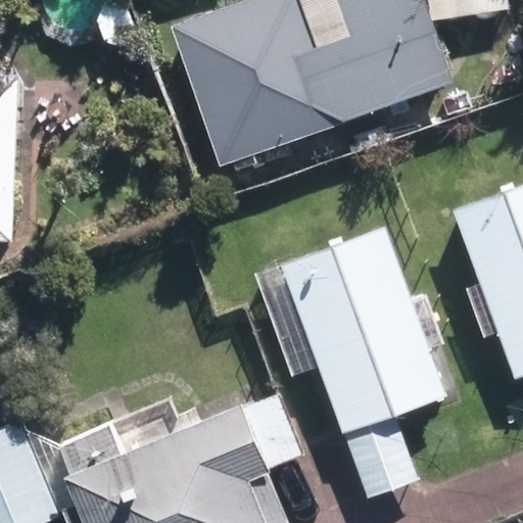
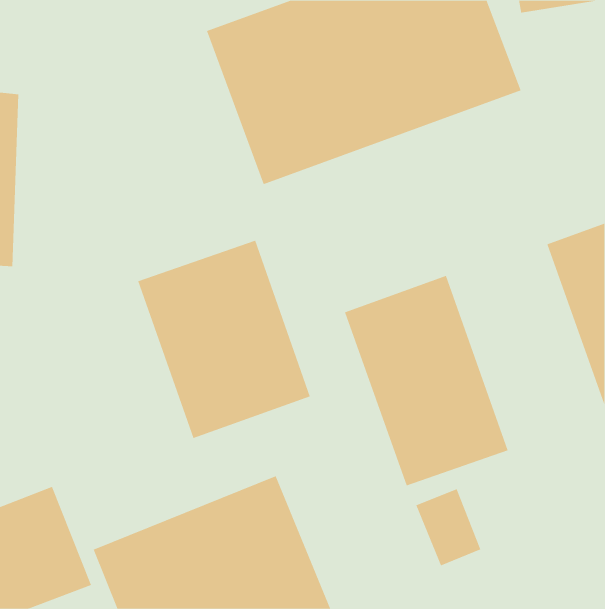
building: none -> [137,240,310,439]

